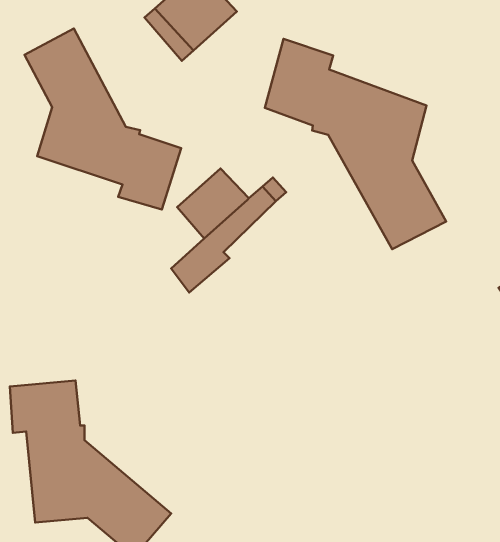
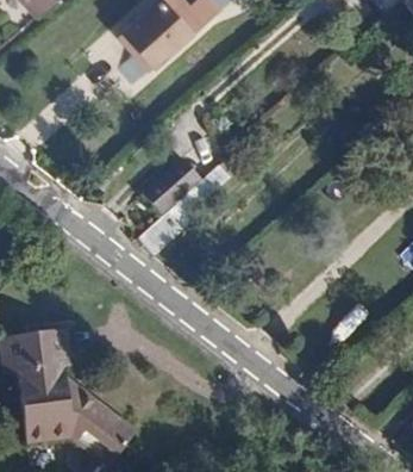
building: [25,28,181,210] -> none
building: [265,39,446,249] -> none

